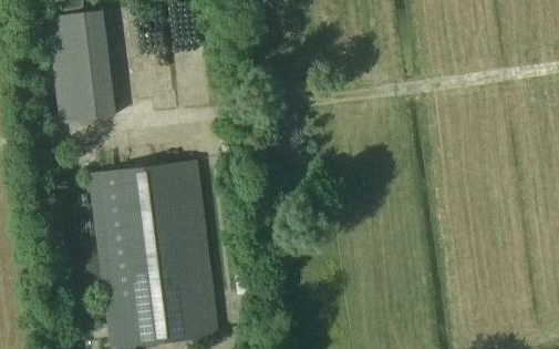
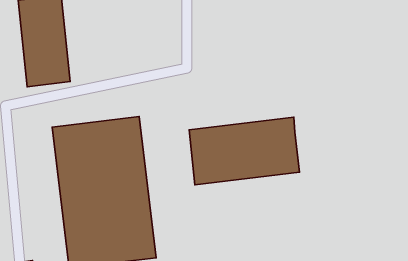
building: none -> [189,117,299,185]

